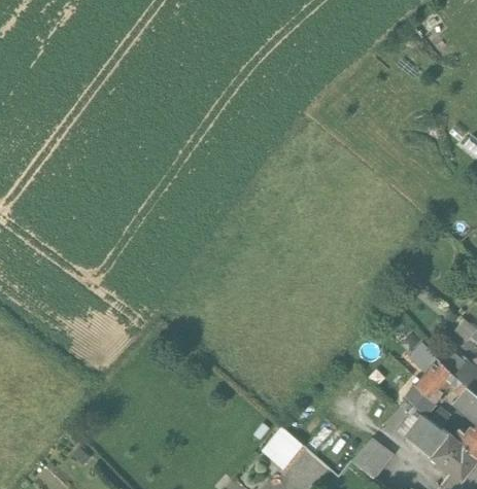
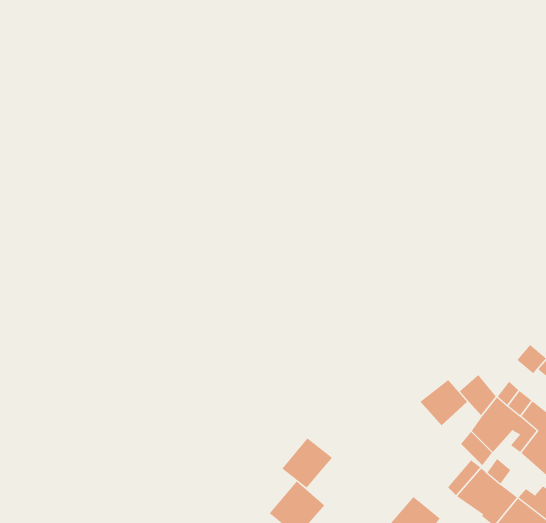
building: none -> [419,379,468,426]
building: none -> [281,438,333,489]

